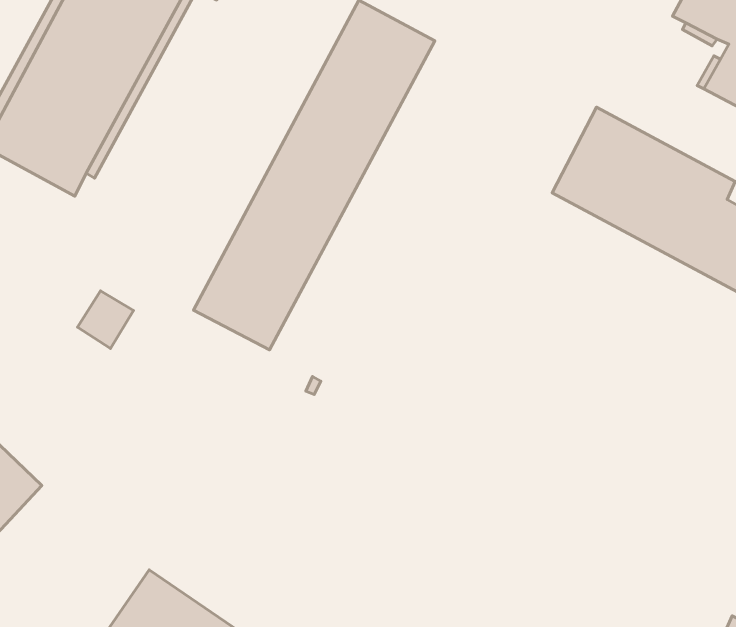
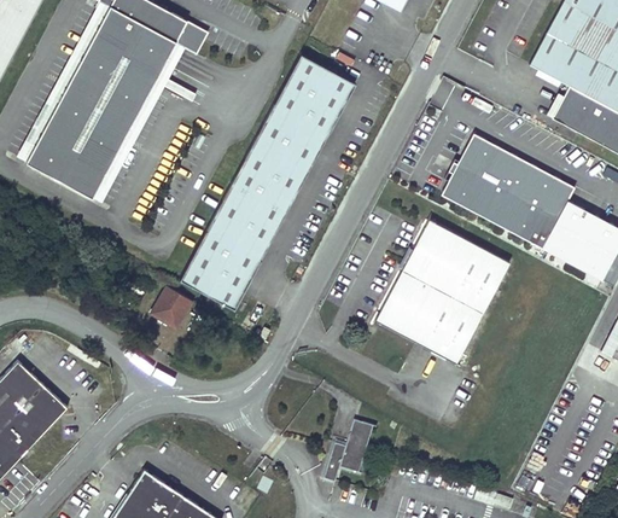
building: none -> [374,220,509,365]
building: [77,291,134,349] -> [151,286,192,328]
building: none -> [322,420,372,482]

